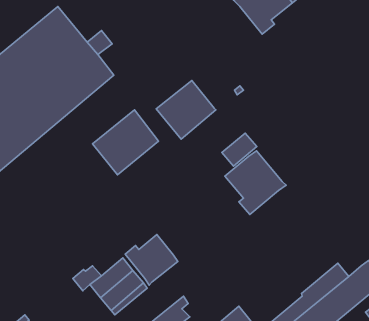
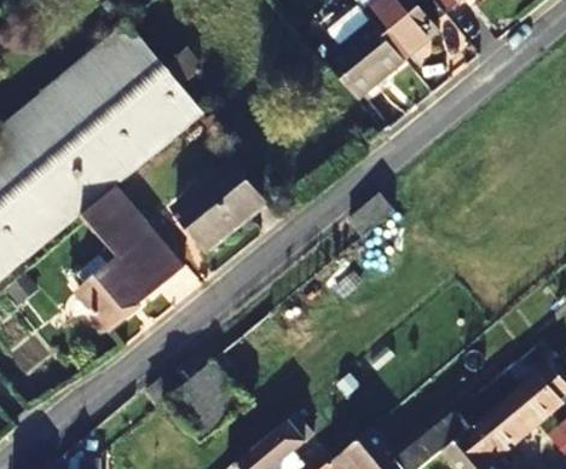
building: [156,80,216,139] -> [324,21,405,100]
building: none -> [75,189,184,331]
building: [225,151,286,215] -> none
building: [125,234,178,285] -> none

